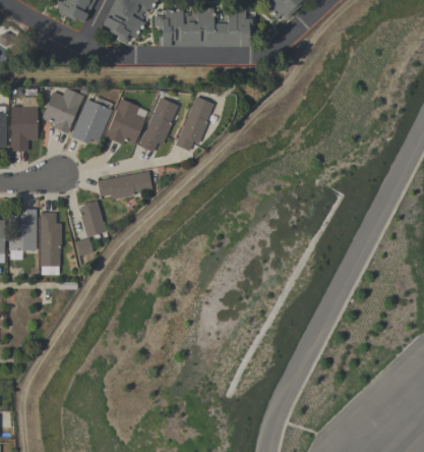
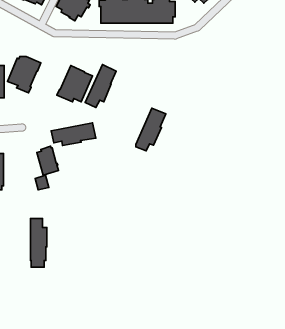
building: [70,97,113,145] -> none
building: [176,97,214,151] -> [136,108,166,151]
building: [41,213,61,274] -> [30,219,47,267]

